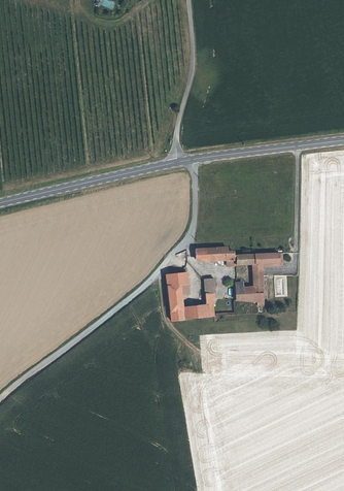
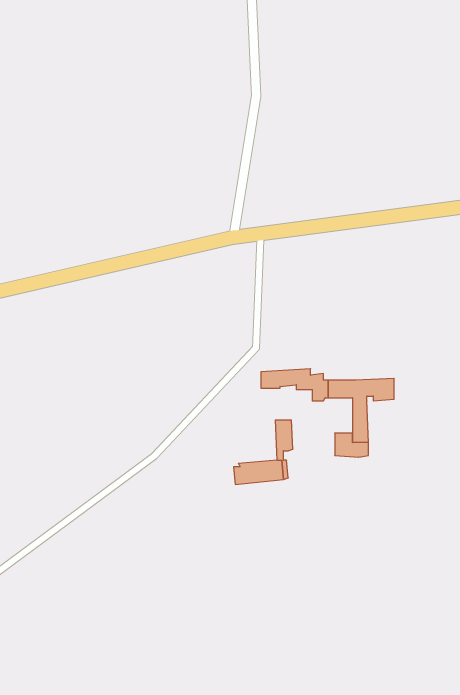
building: [166,266,187,322] -> none

